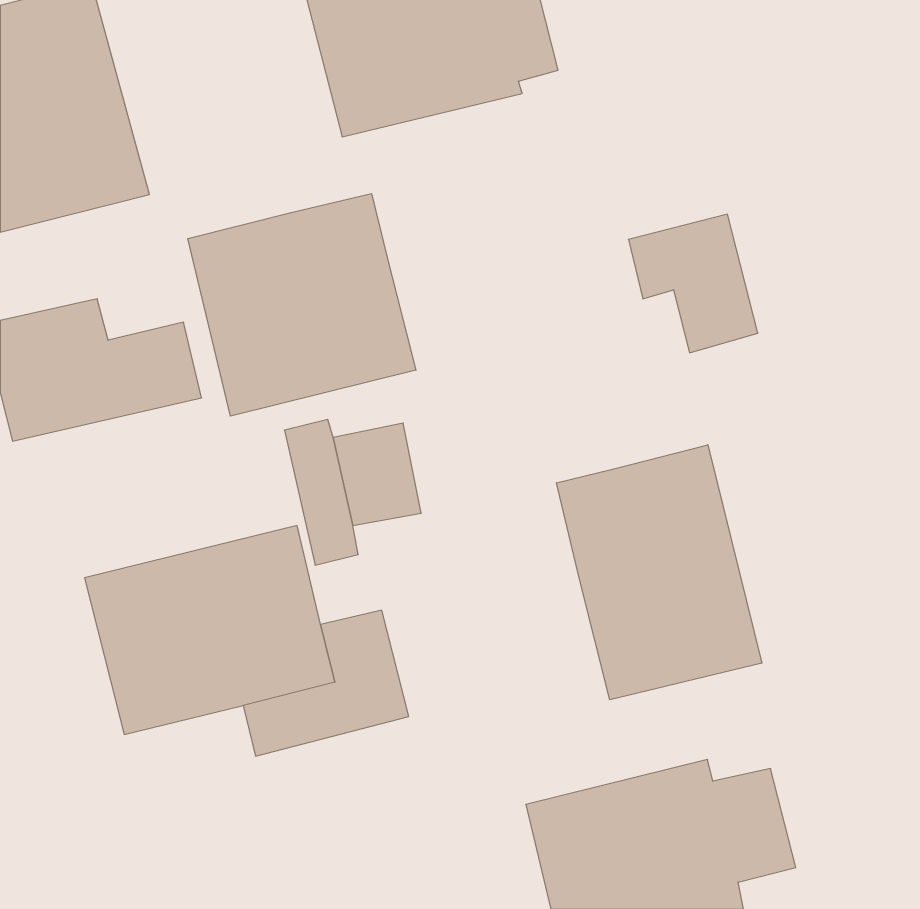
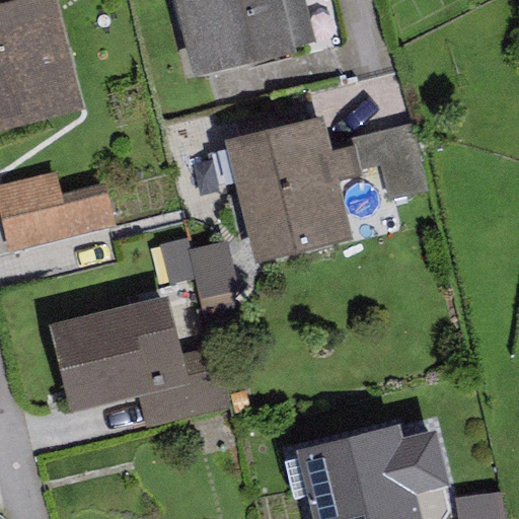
building: [188,194,416,416] -> none
building: none -> [223,117,360,264]
building: [556,445,762,700] -> none

